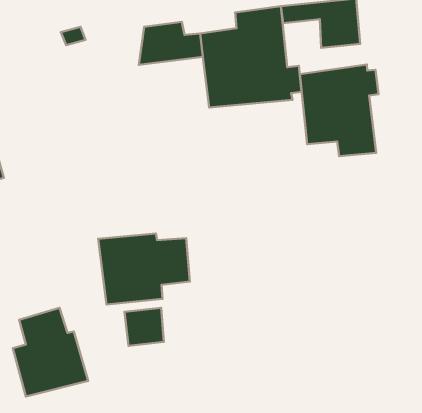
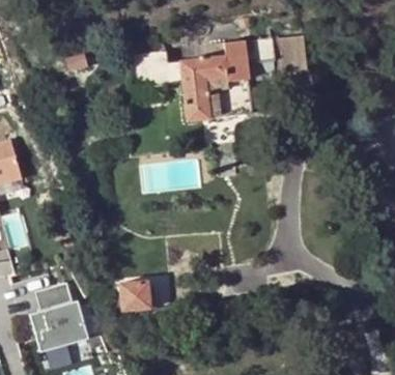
building: [300,64,379,156] -> none
building: [98,234,190,305] -> none

